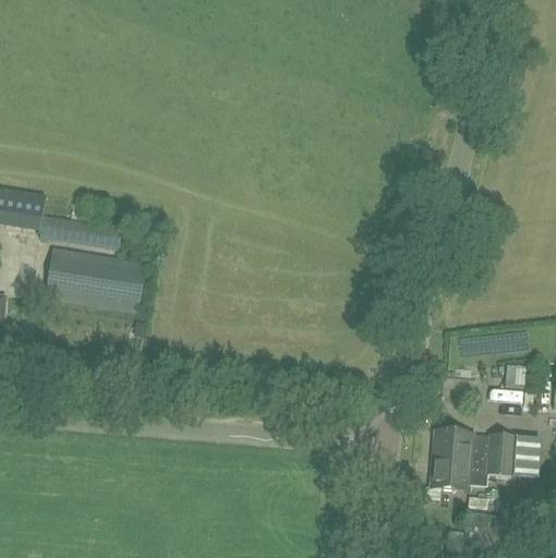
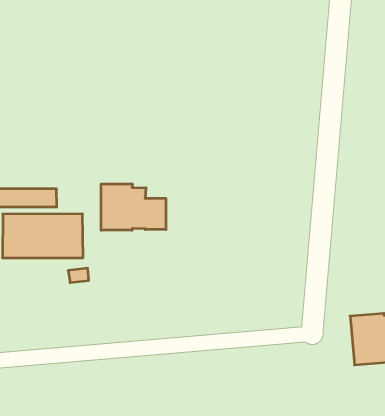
building: none -> [101,184,166,230]

